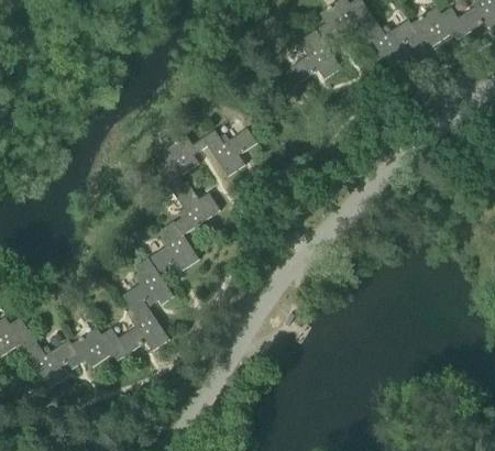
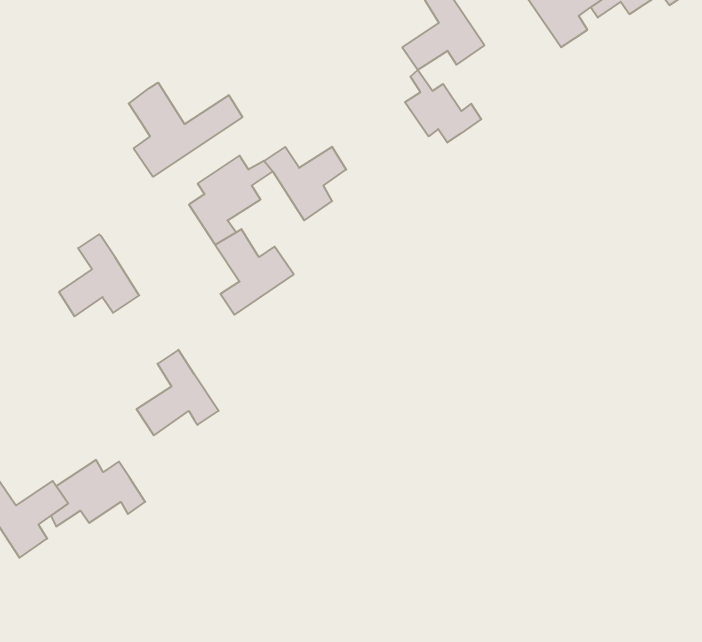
building: none -> [405,70,481,143]
building: none -> [129,83,242,177]
building: [149,222,199,274] -> [59,234,139,316]
building: [118,297,169,354] -> none

